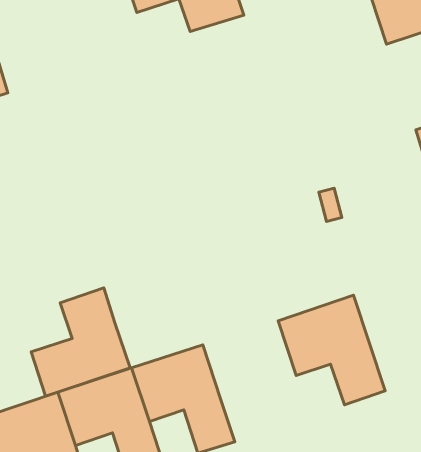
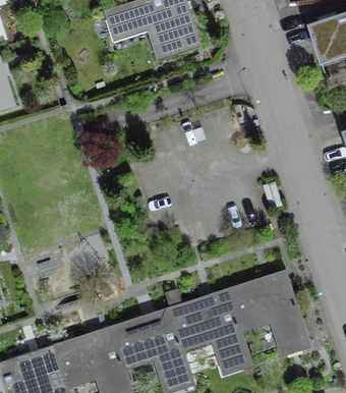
building: [31,288,130,396] -> none
building: none -> [169,287,254,375]

